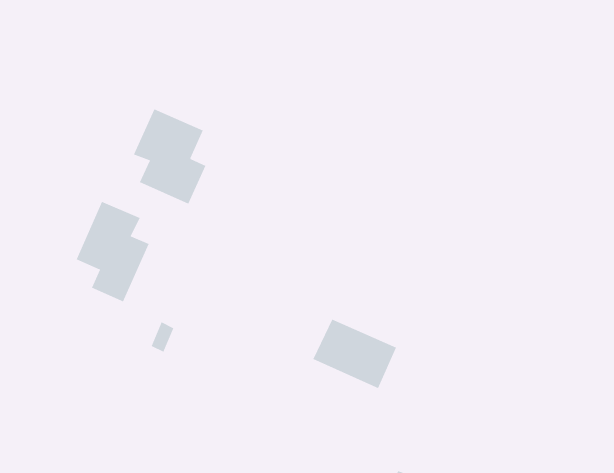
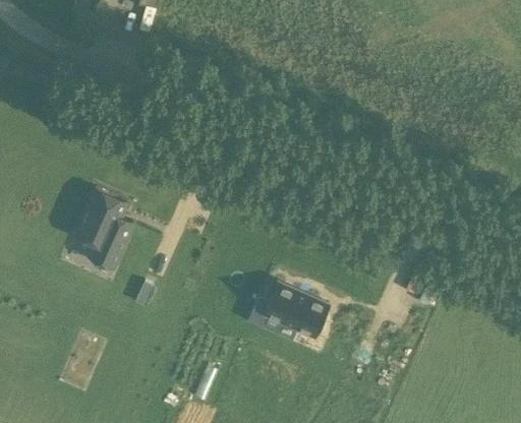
building: [133,108,206,204] -> none

